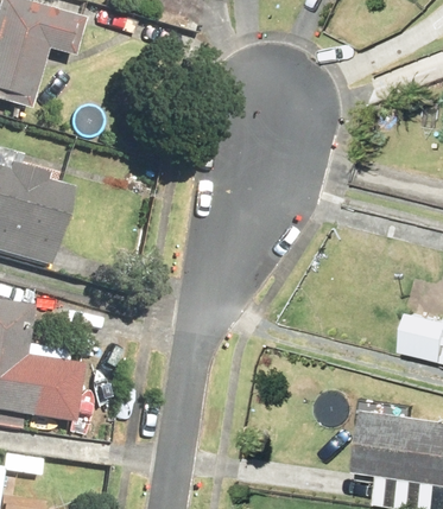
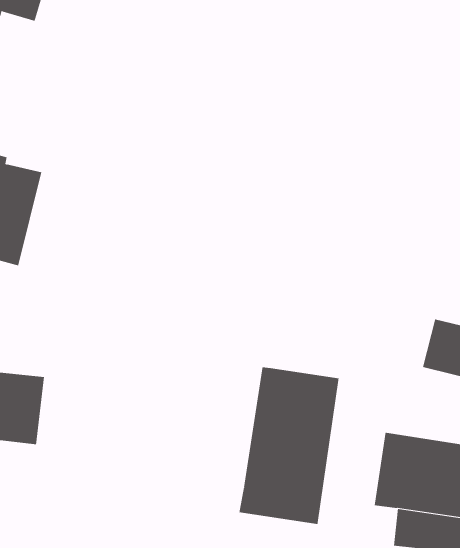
building: none -> [239,366,339,525]

